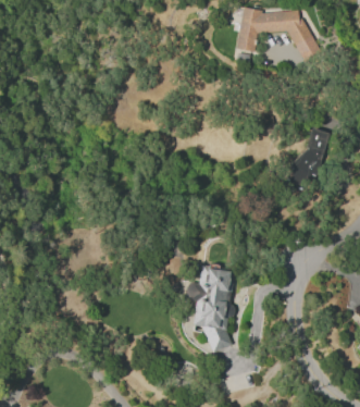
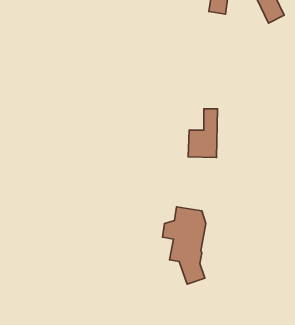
building: [290,131,323,185] -> [188,109,217,158]

